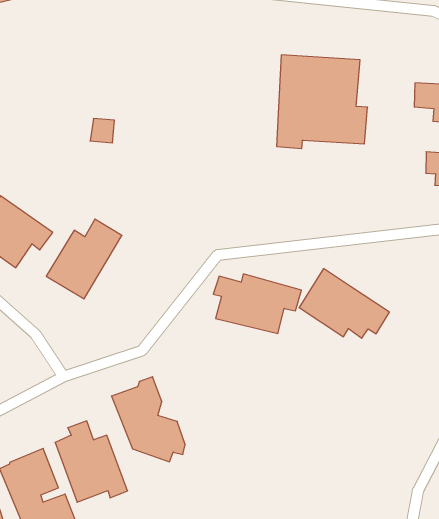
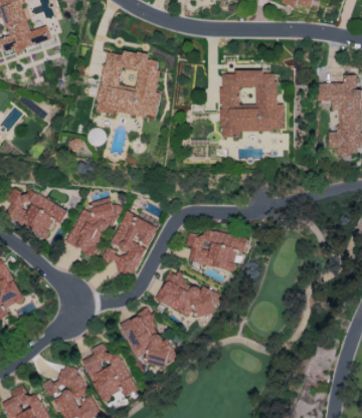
building: none -> [96,49,160,118]
building: none -> [101,212,157,274]
building: [299,269,389,338] -> [155,269,219,317]

